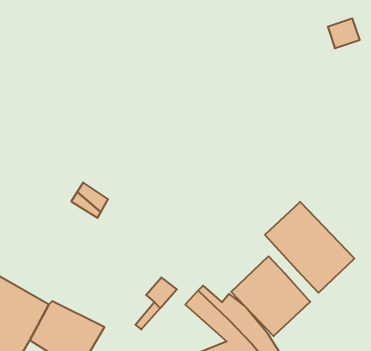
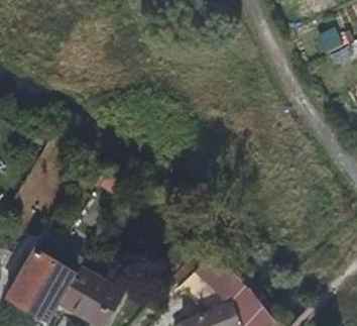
building: [265,202,354,293] -> none
building: [231,256,310,336] -> none

